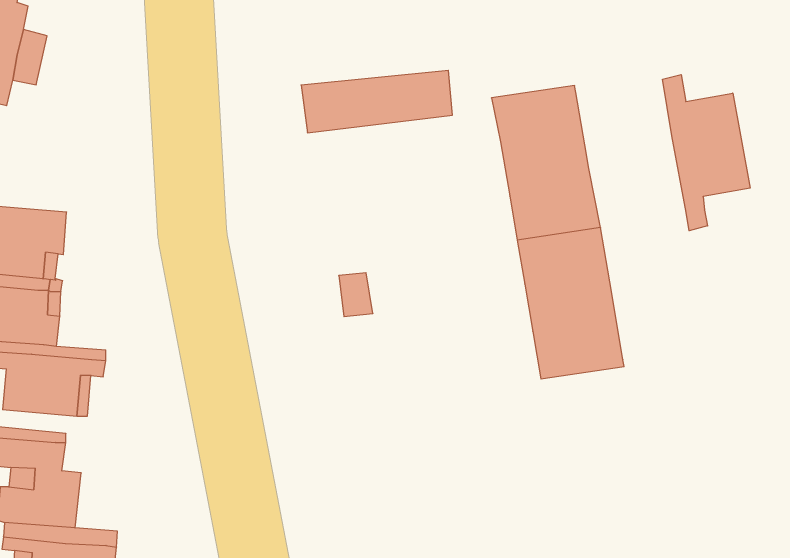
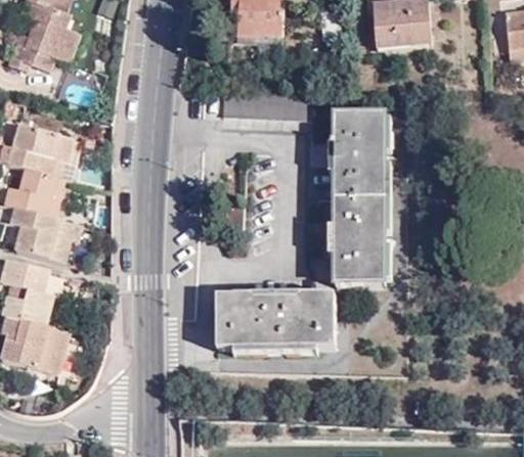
building: [663,75,750,231] -> none
building: none -> [216,295,335,354]

